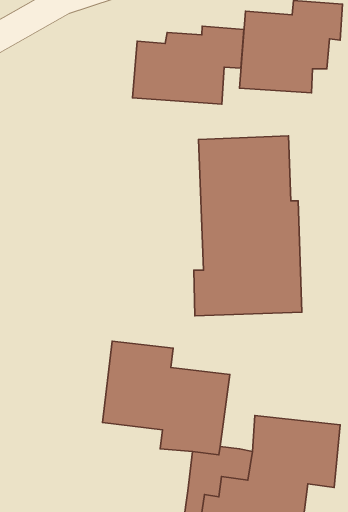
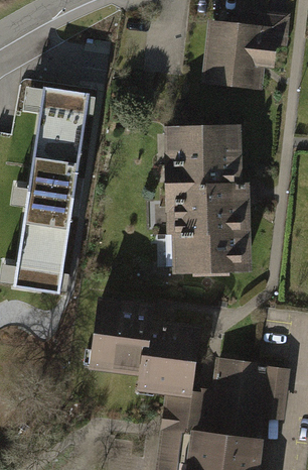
building: [133,26,244,104] -> none
building: none -> [10,86,85,293]

